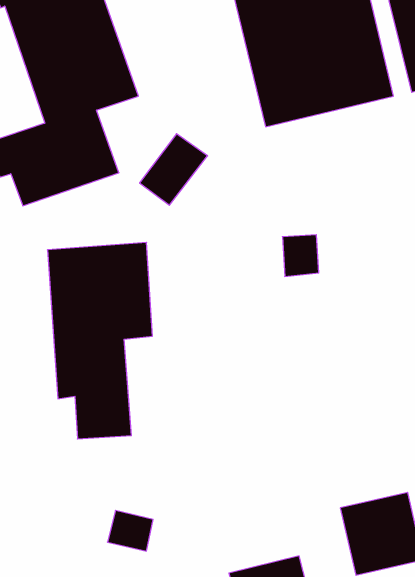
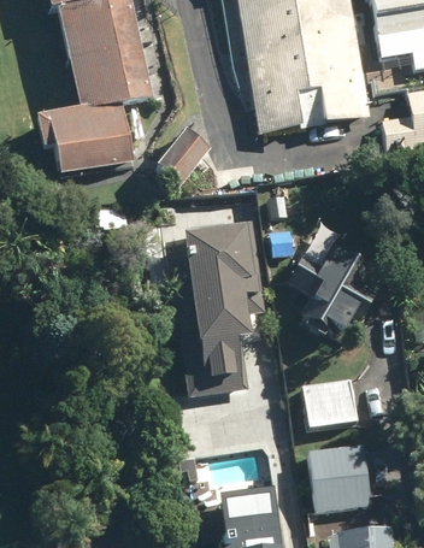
building: none -> [293,218,370,348]
building: [47,242,152,439] -> [186,220,270,383]
building: none -> [304,378,359,429]

